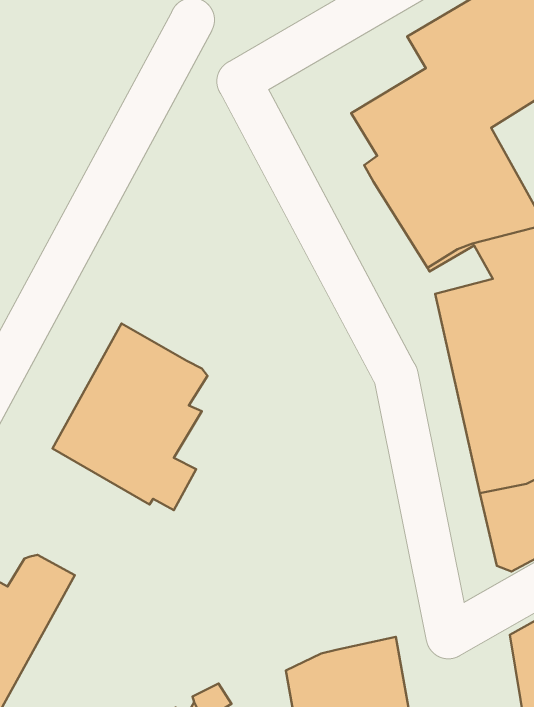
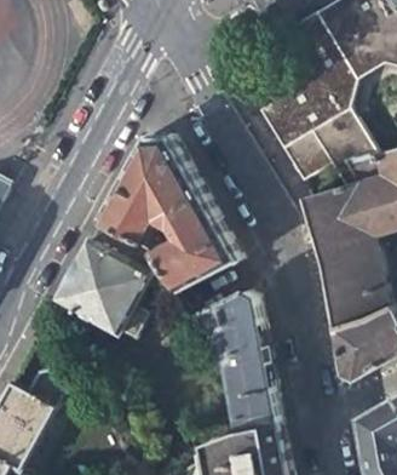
building: none -> [100,135,240,290]
building: none -> [203,292,278,430]

